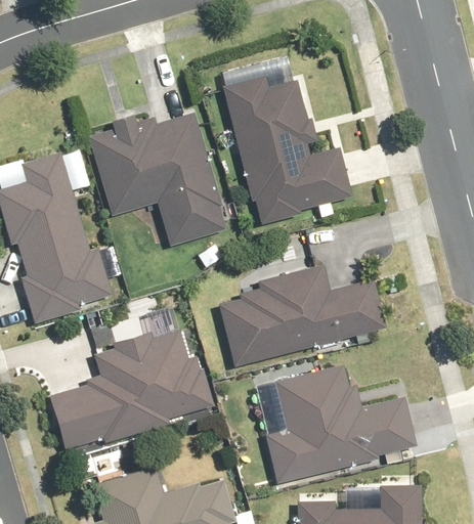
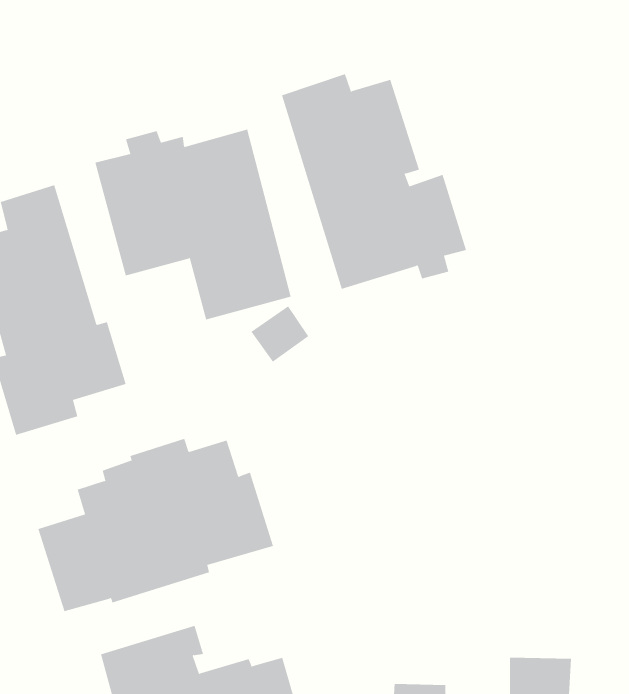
building: [218,264,384,368] -> none
building: [262,363,424,485] -> none

